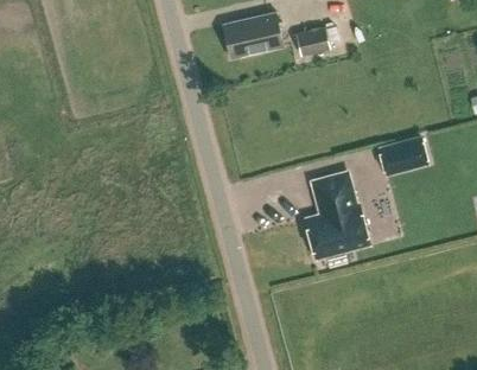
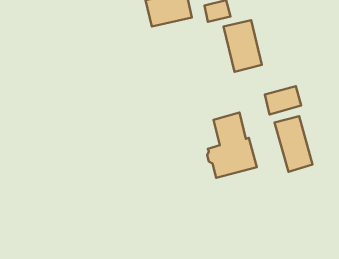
building: none -> [224,20,262,72]
building: none -> [275,116,313,172]

